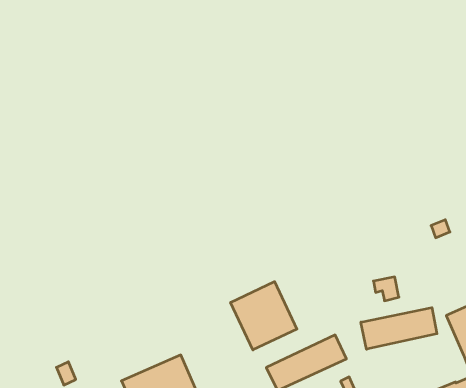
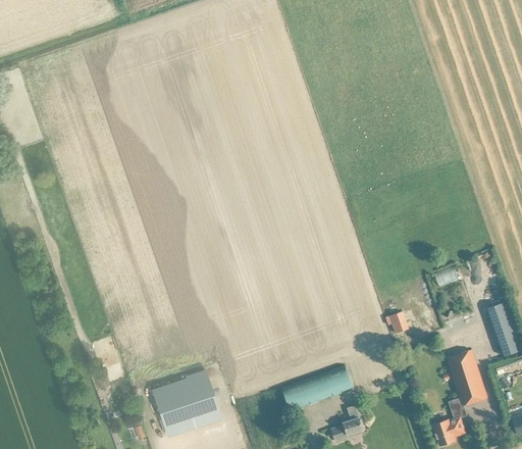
building: [231,282,297,350] -> none
building: [361,308,437,349] -> none

